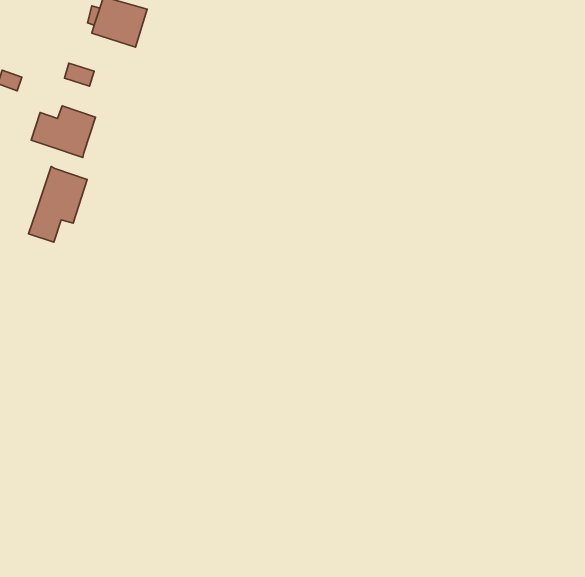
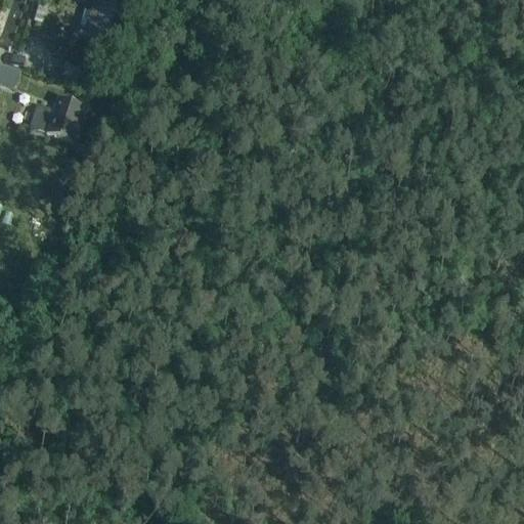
building: [29,167,87,242] -> none

